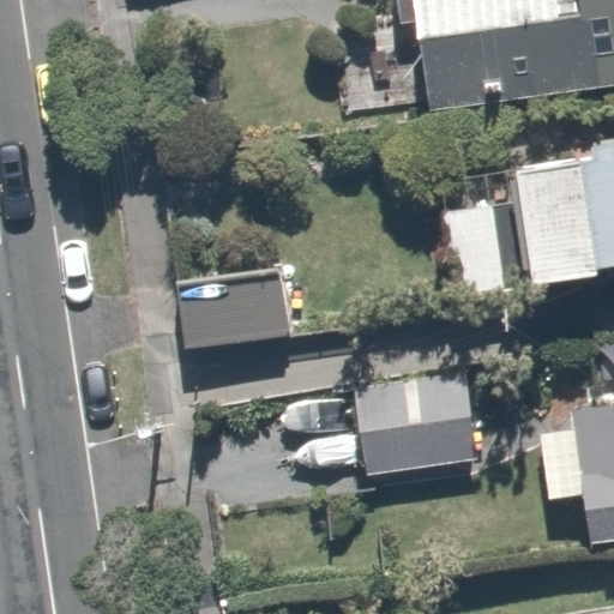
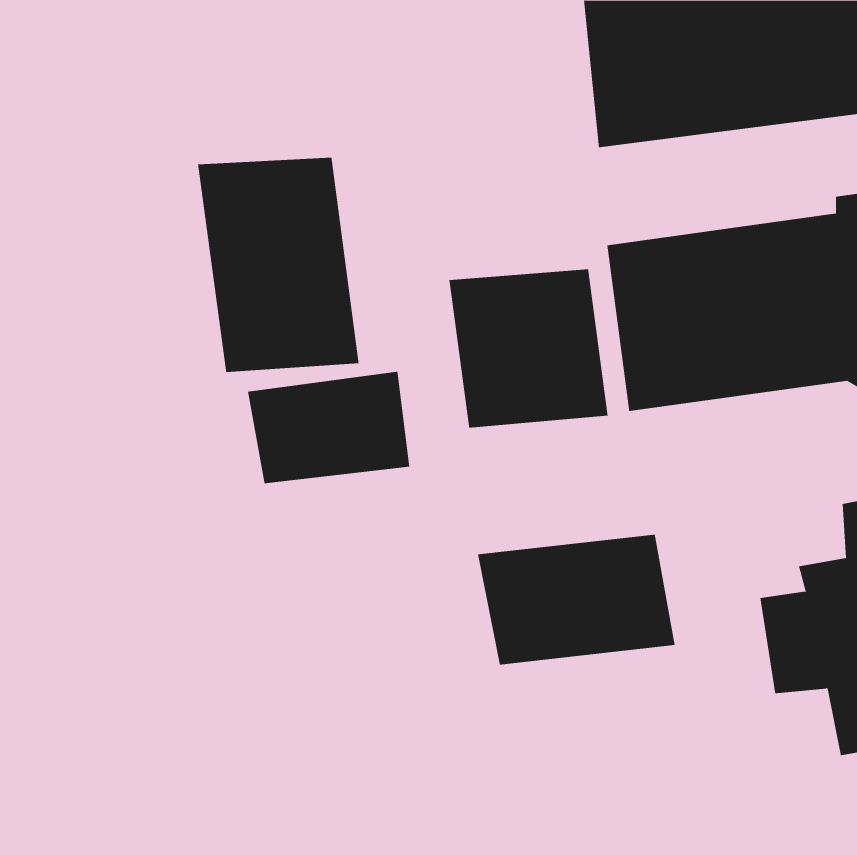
building: none -> [198,157,359,373]
building: none -> [449,269,608,428]

